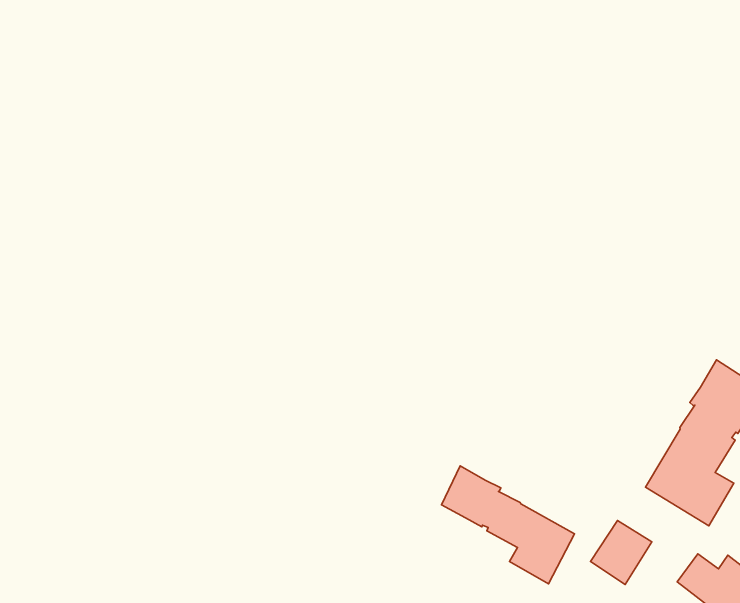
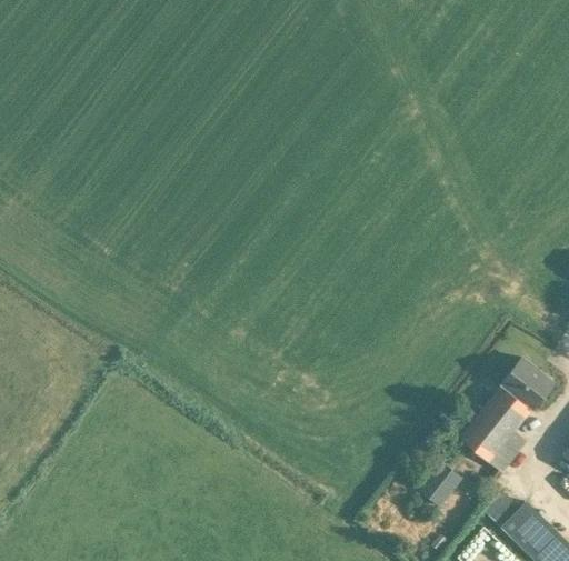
building: [441,466,575,584] -> none

